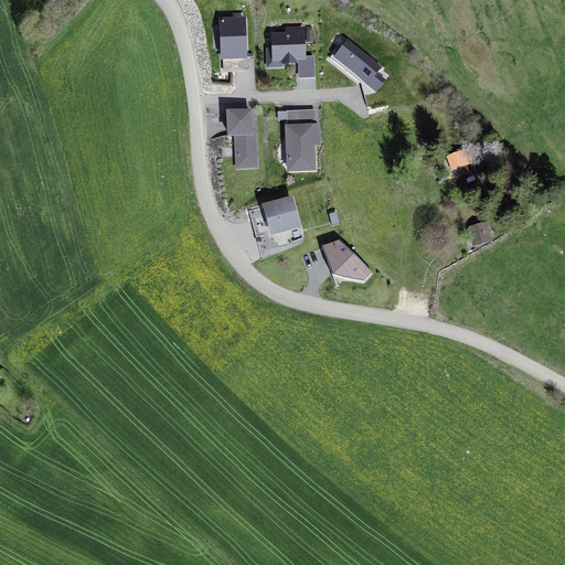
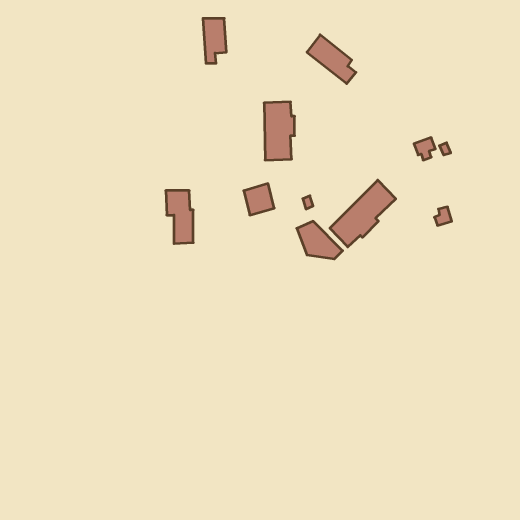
building: [265,25,315,76] -> none
building: [226,111,256,169] -> [166,191,193,244]
building: none -> [330,180,396,247]

